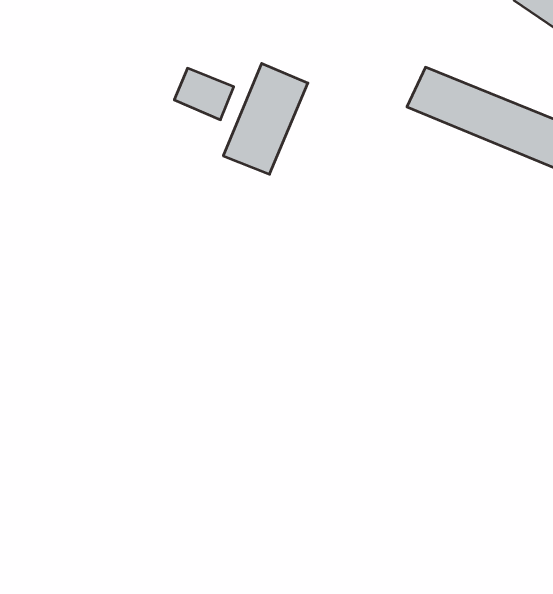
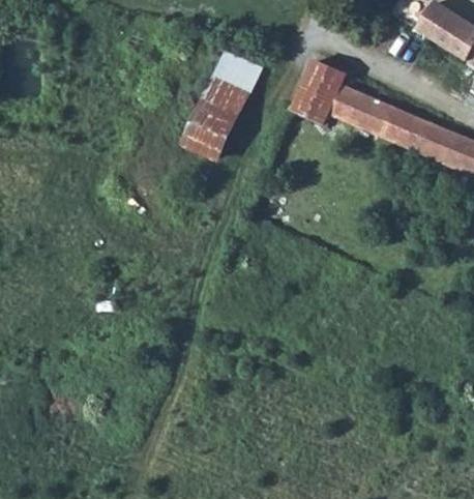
building: none -> [292,58,345,119]
building: [174,68,234,120] -> [213,54,260,94]

